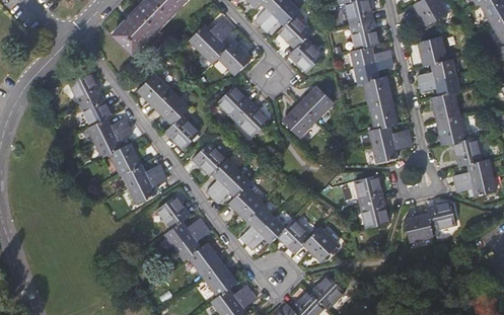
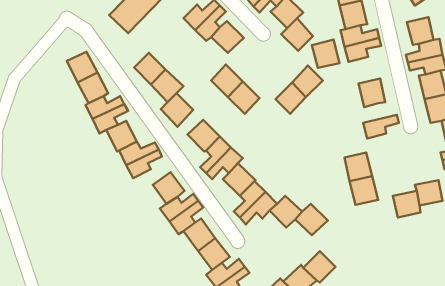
building: [363,76,391,105] -> [312,39,340,68]
building: [370,126,409,146] -> none

